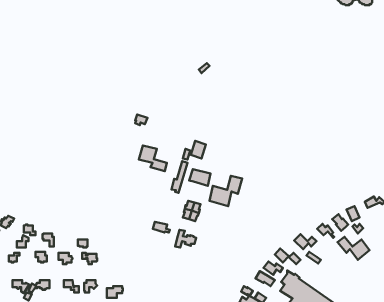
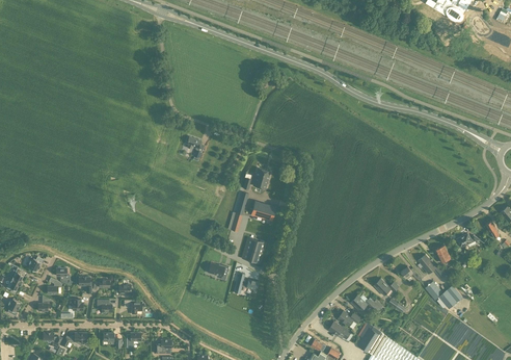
building: [139,145,167,171] -> none
building: [210,176,242,206] -> none

